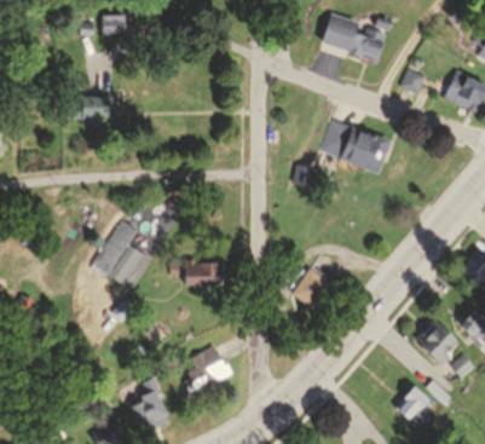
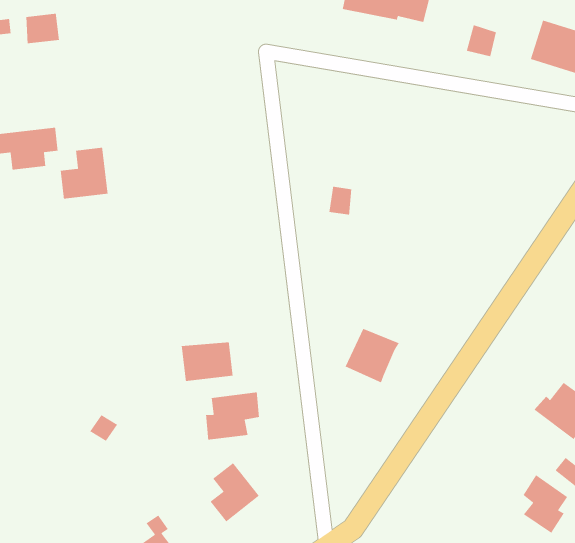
building: [319,121,394,174] -> none
building: none -> [60,147,108,199]
building: [92,226,137,287] -> none
building: none -> [205,392,260,440]

